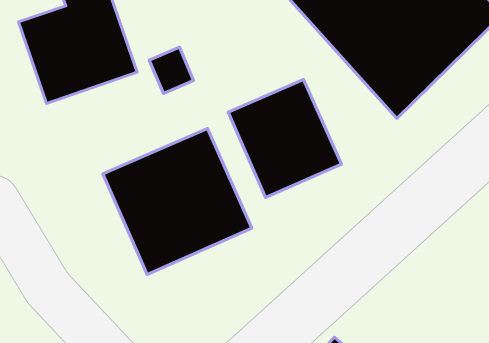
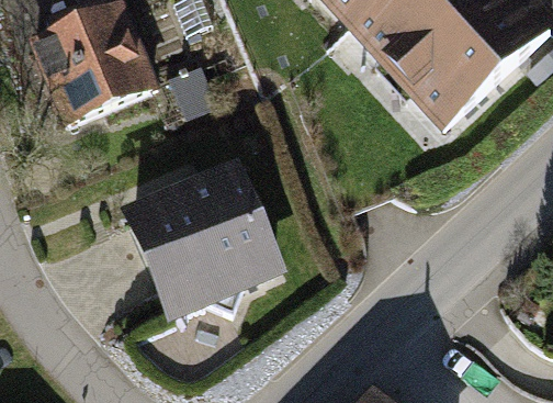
building: [228,79,341,198] -> none

